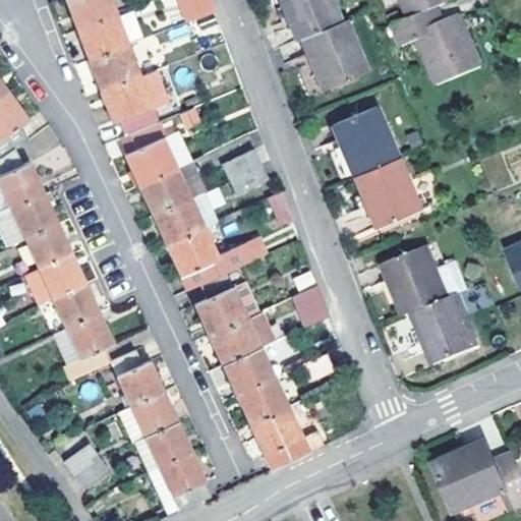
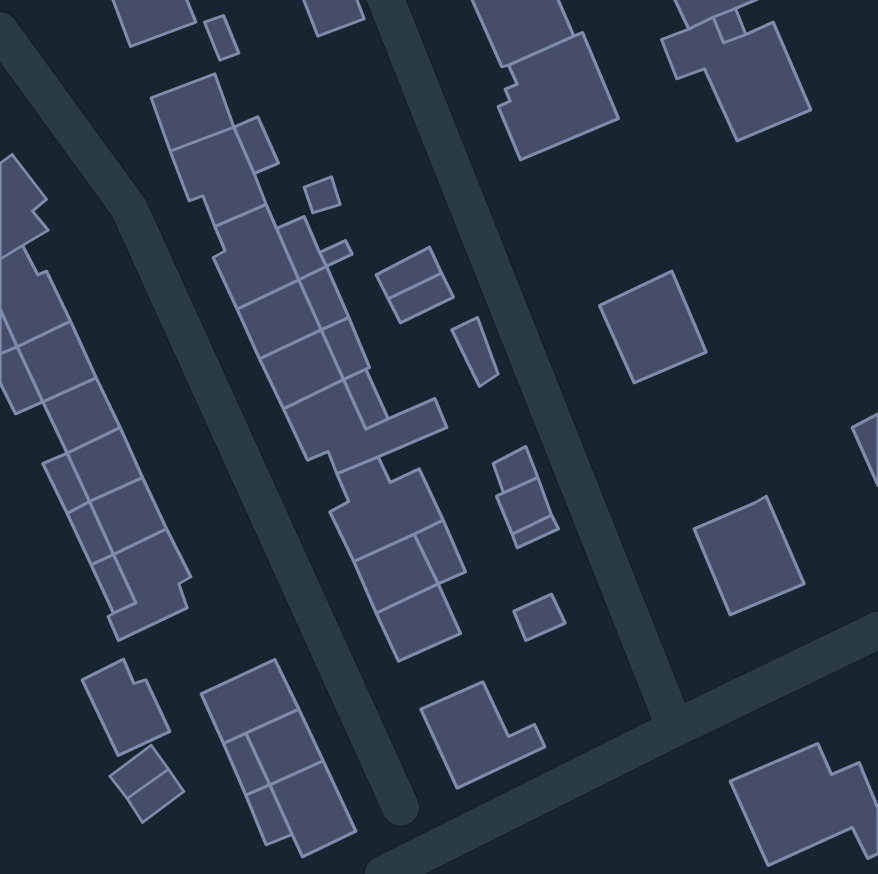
building: [77,13,127,58] -> none
building: [332,107,398,181] -> none
building: [382,246,447,316] -> none
building: [111,348,163,405] -> [82,659,170,755]
building: [236,375,286,420] -> none

